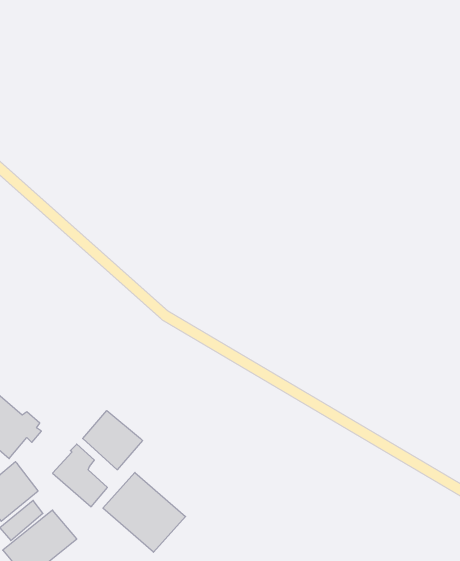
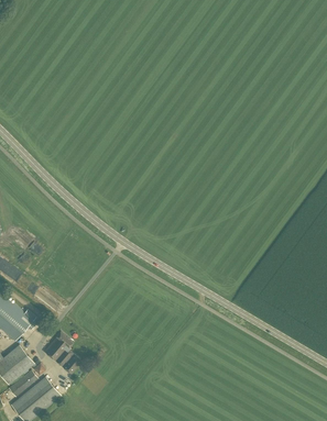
building: [83,411,143,470] -> none
building: [103,472,186,552] -> none

